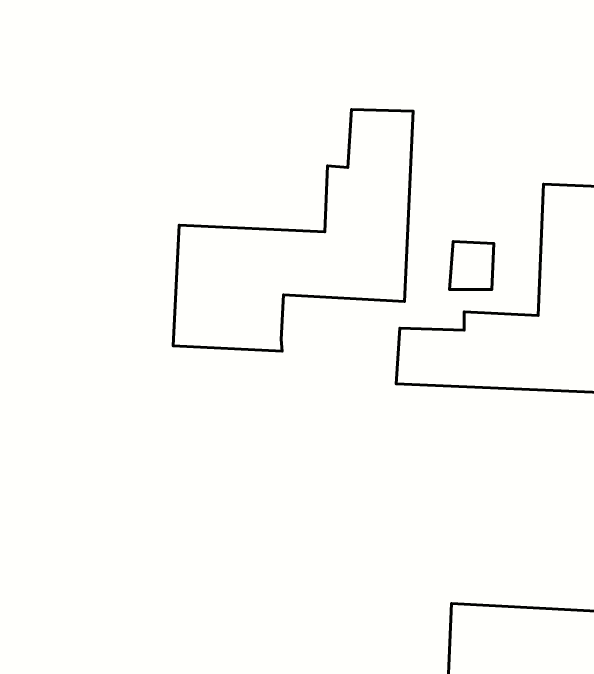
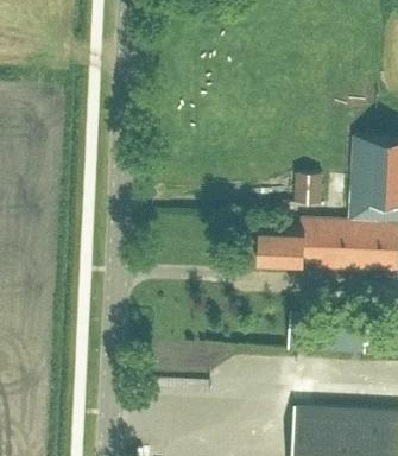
building: [173,110,413,351] -> none

